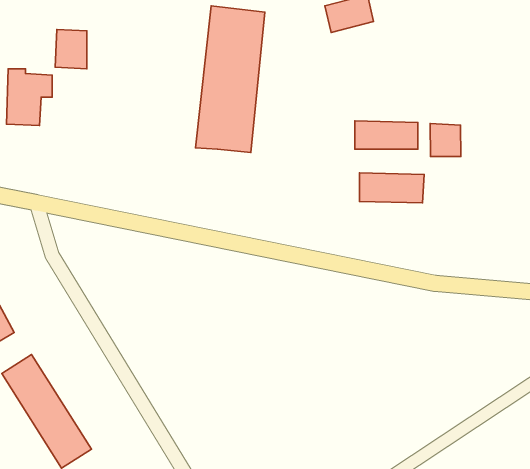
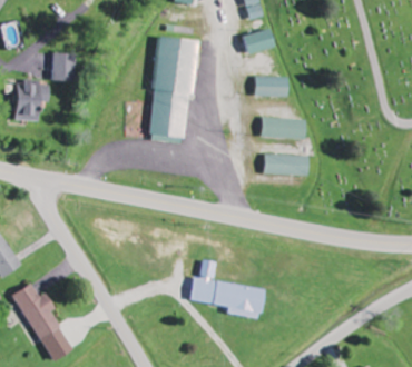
building: none -> [254,76,286,96]
building: [430,124,461,157] -> none
building: none -> [189,259,265,318]

